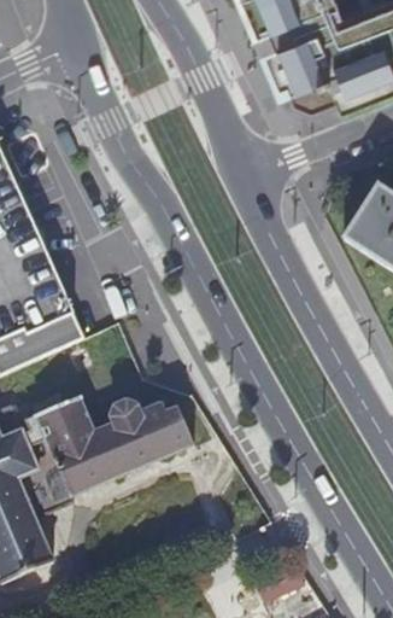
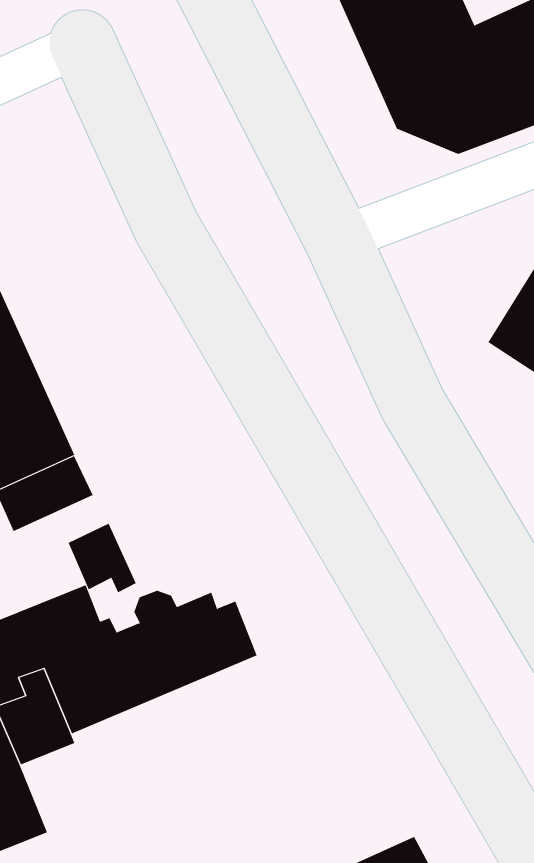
building: none -> [68,523,136,593]

